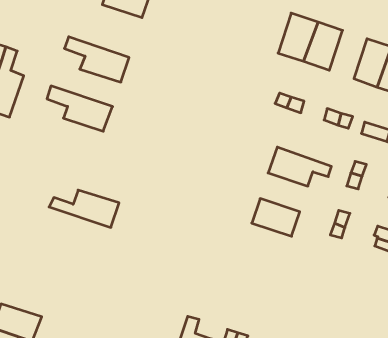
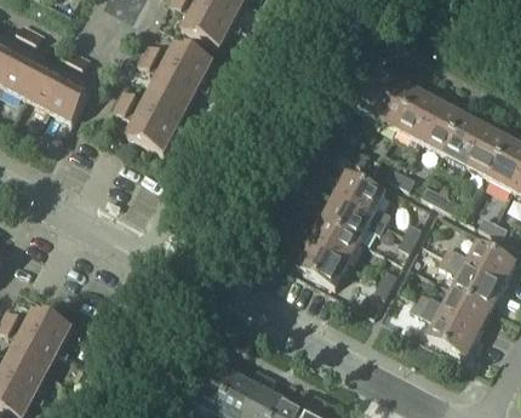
building: none -> [144,40,213,84]
building: none -> [399,91,441,141]
building: none -> [334,173,390,224]
building: none -> [309,221,359,264]
building: [49,190,119,227] -> [119,87,189,130]

